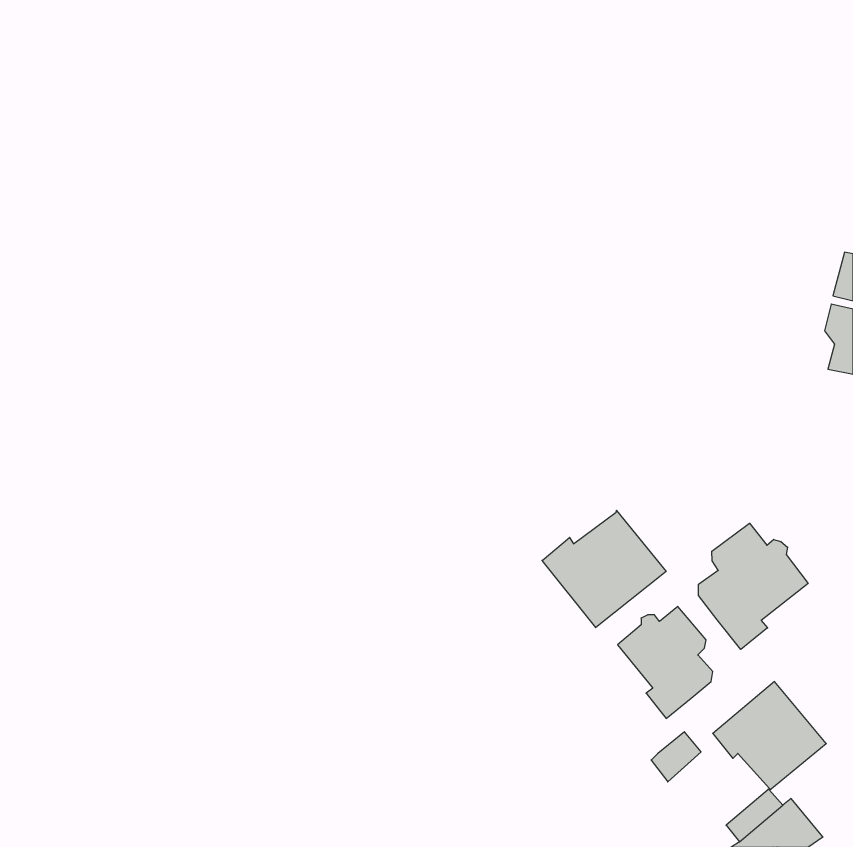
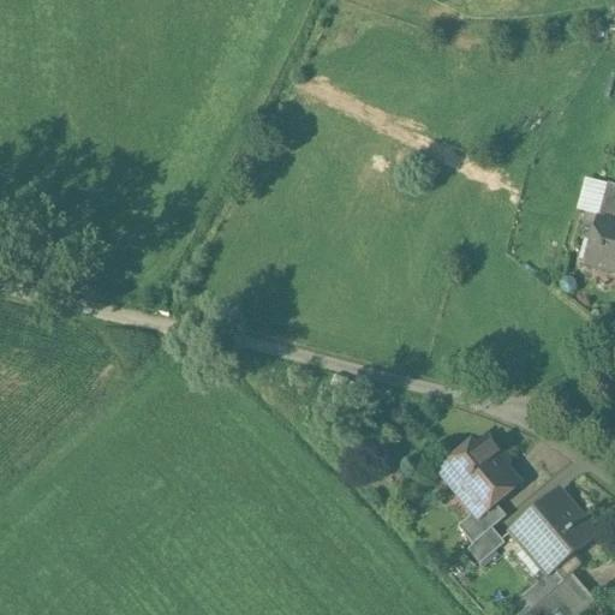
building: [542,510,666,628] -> none
building: [699,523,808,649] -> none
building: none -> [459,502,507,542]

